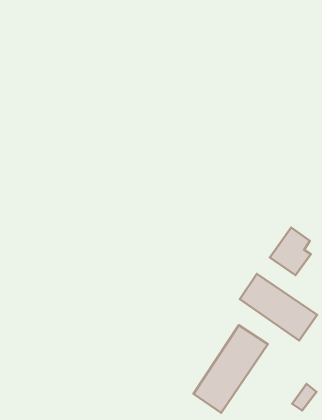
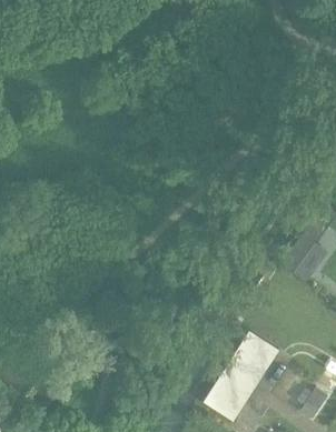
building: [240,274,317,340] -> none

